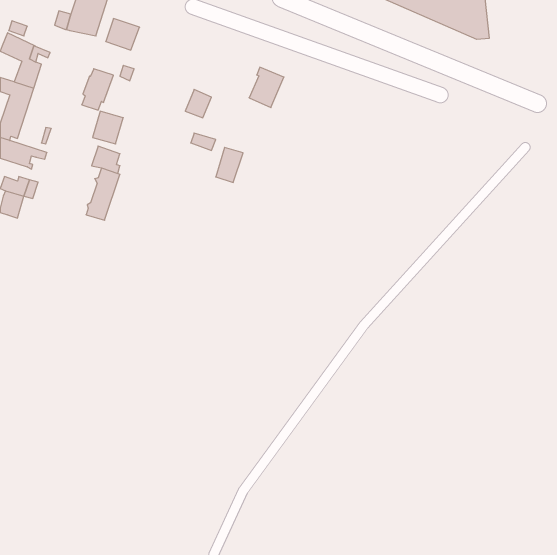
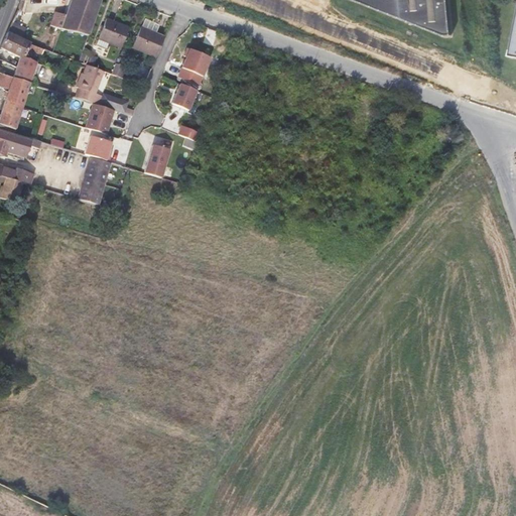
building: none -> [133,24,165,54]
building: [249,67,284,108] -> [176,48,209,86]
building: [216,147,243,182] -> [145,144,170,176]

